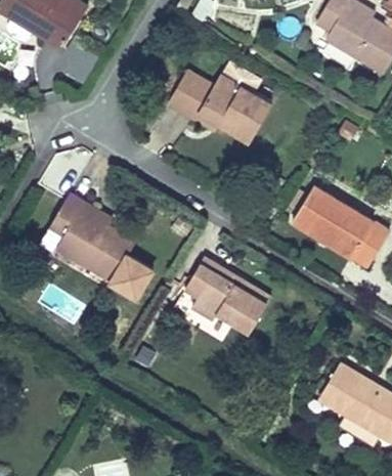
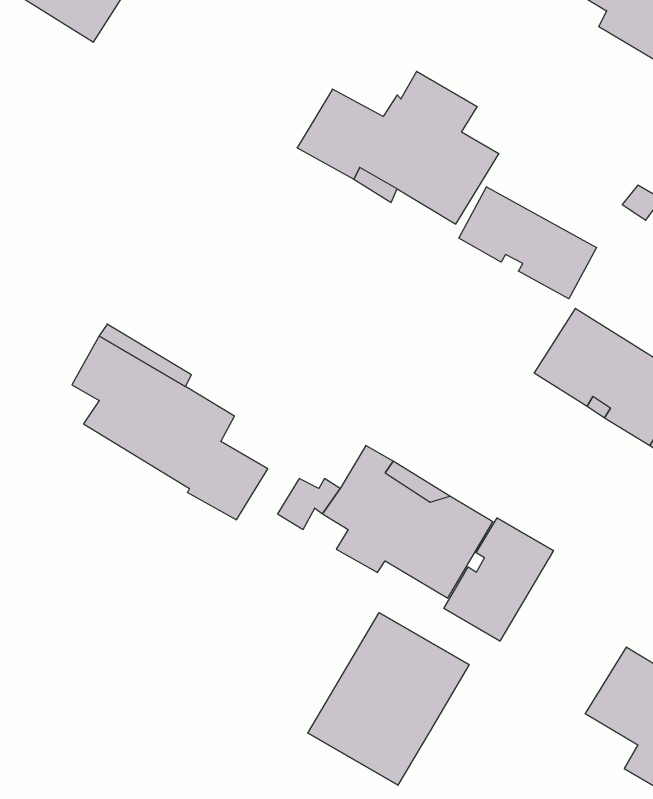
building: none -> [459,187,597,299]
building: none -> [444,518,553,641]
building: none -> [308,613,469,785]

